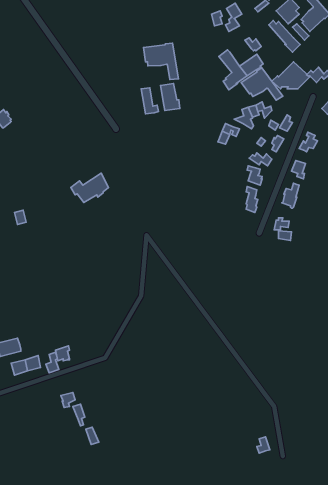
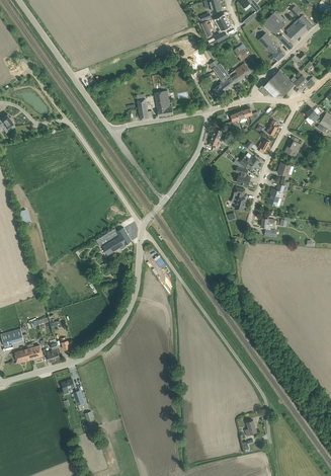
building: [143,43,179,80] -> none
building: [241,68,283,100] -> none
building: [71,173,109,203] -> [96,227,132,254]

